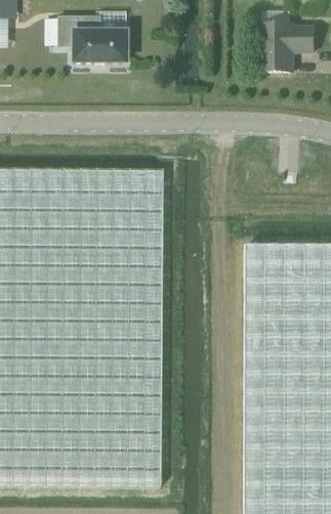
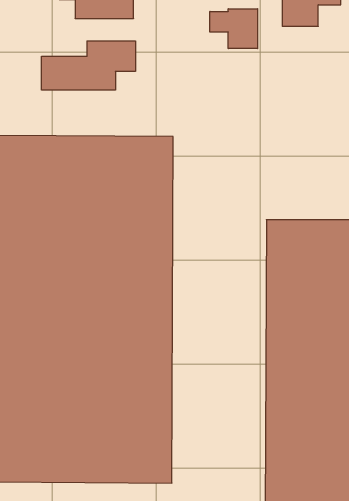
building: none -> [210,9,258,49]
building: none -> [42,41,135,90]

